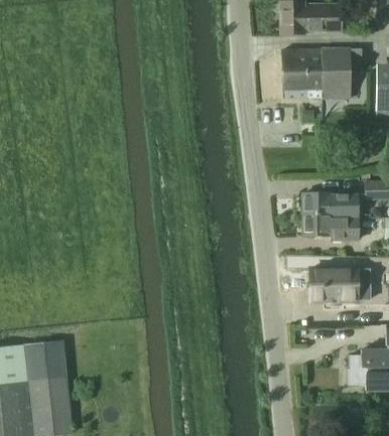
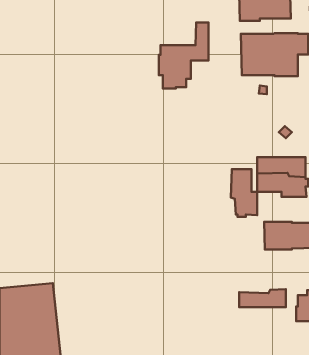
building: none -> [159,23,209,88]
building: none -> [231,169,257,217]
building: none -> [239,289,286,307]

